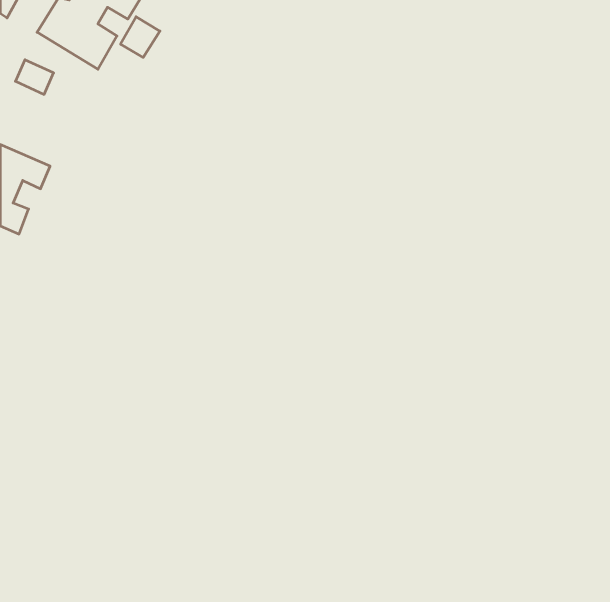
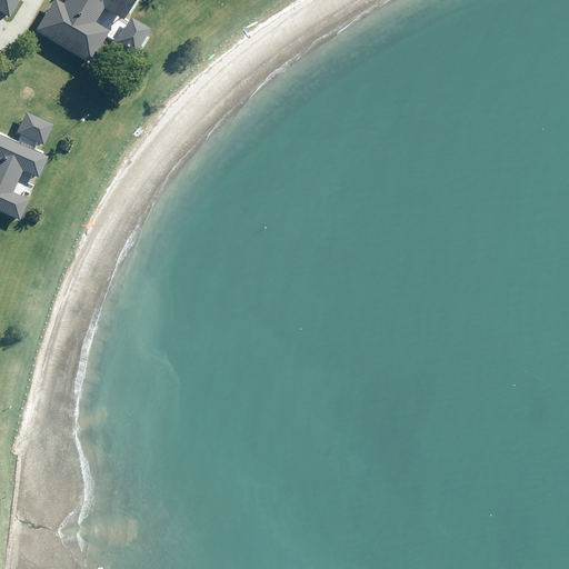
building: [15,60,54,94] -> [14,110,50,142]

